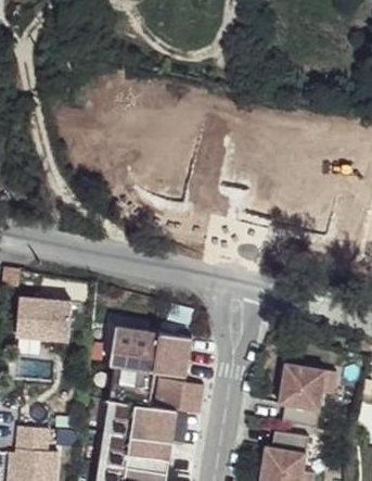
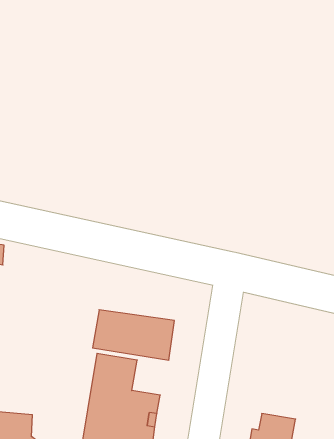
building: [22,301,70,340] -> none
building: [280,365,336,428] -> none
building: [146,379,202,417] -> none

